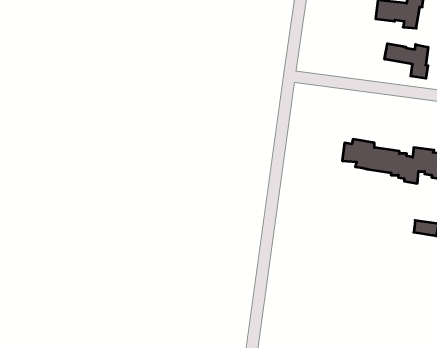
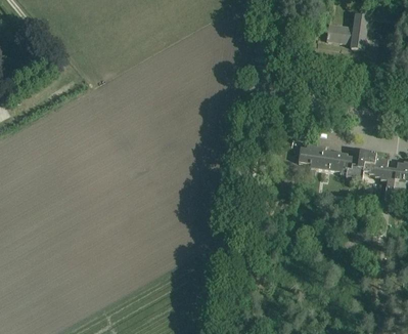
building: [385,44,428,78] -> none

